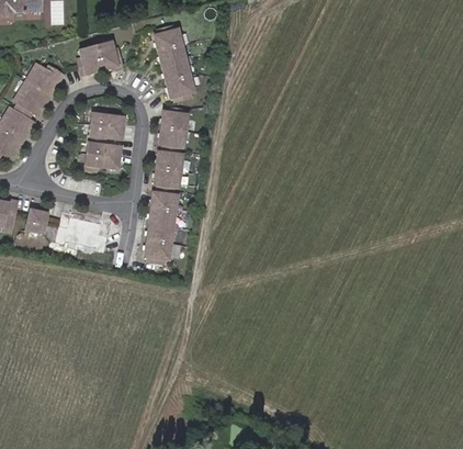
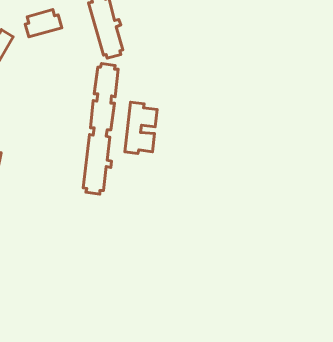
building: [86,109,124,170] -> [125,102,157,154]
building: [58,211,112,251] -> none

